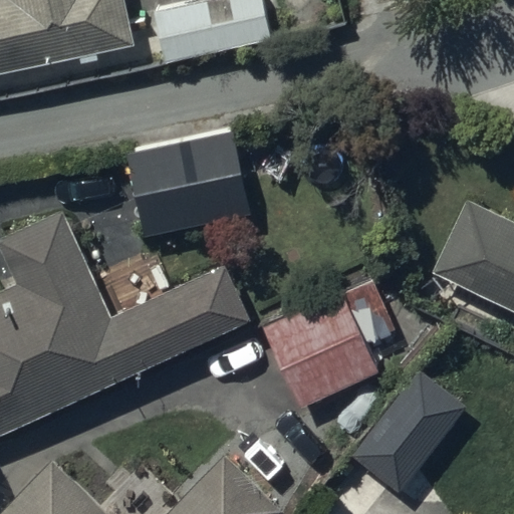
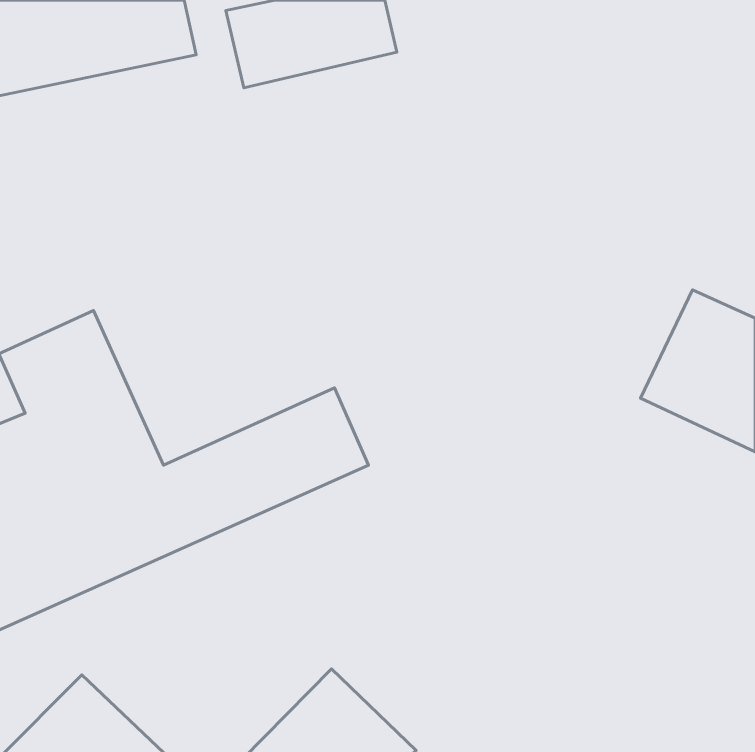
building: [130,132,248,232] -> none
building: [264,282,393,407] -> none
building: [353,371,465,491] -> none

